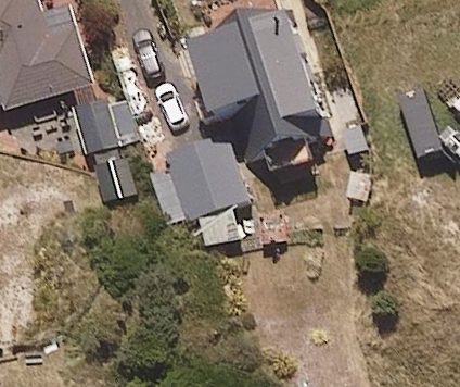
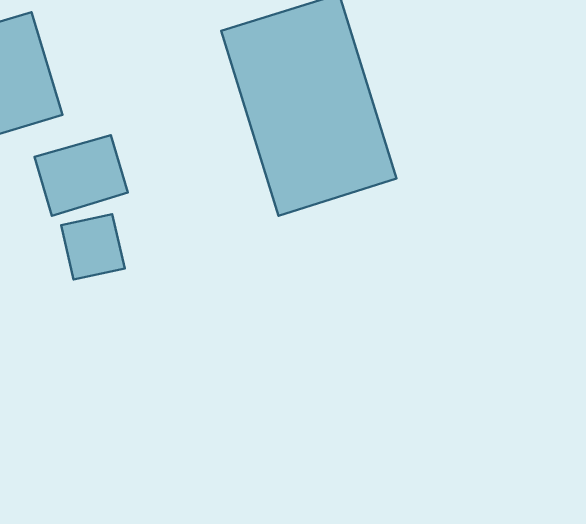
building: [148,134,246,244] -> none

